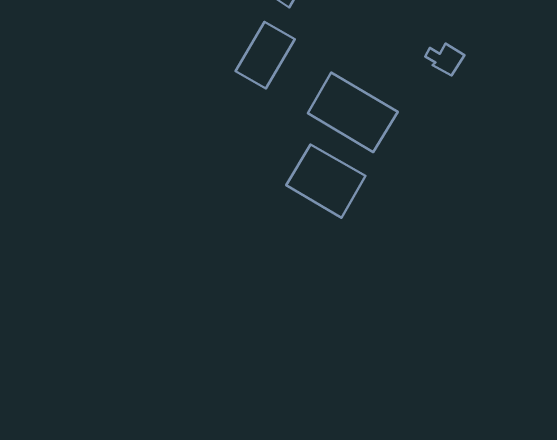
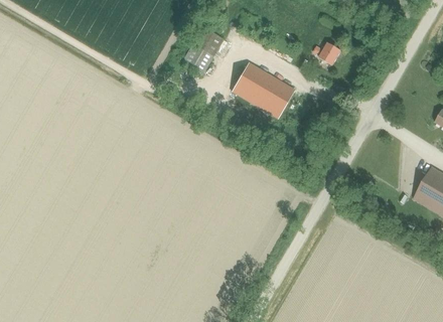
building: [286,145,365,218] -> none

